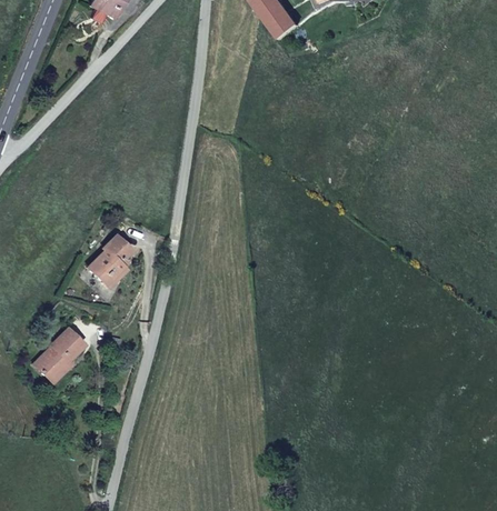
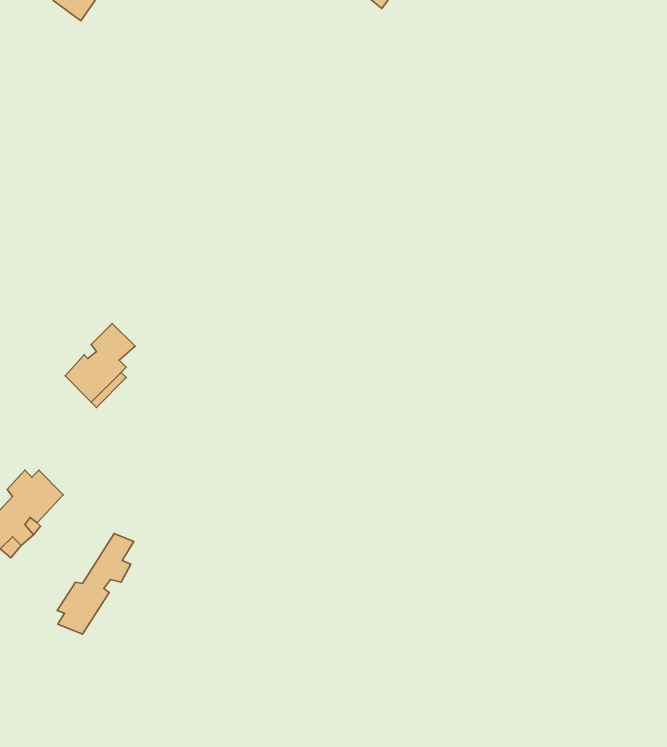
building: none -> [57,534,134,634]

